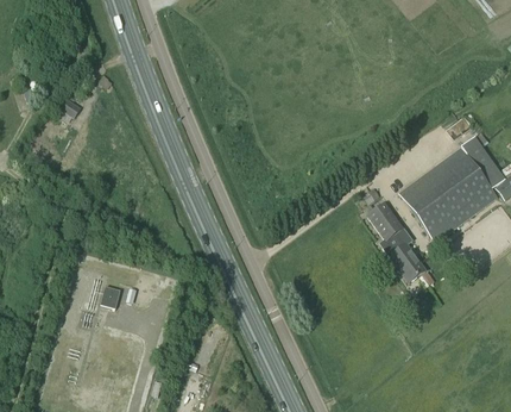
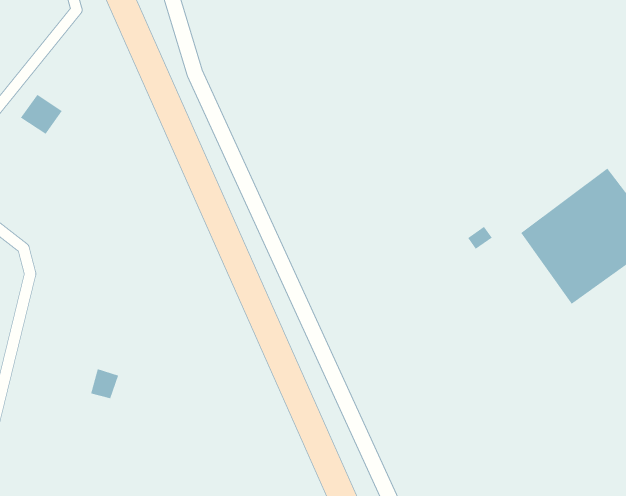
building: [367,201,425,282] -> none

